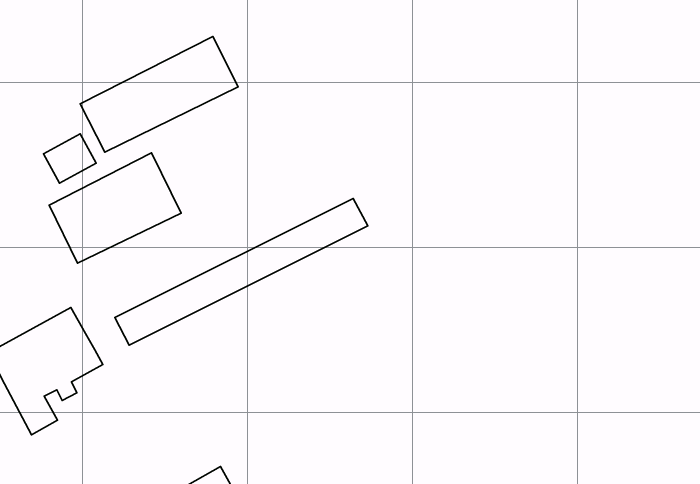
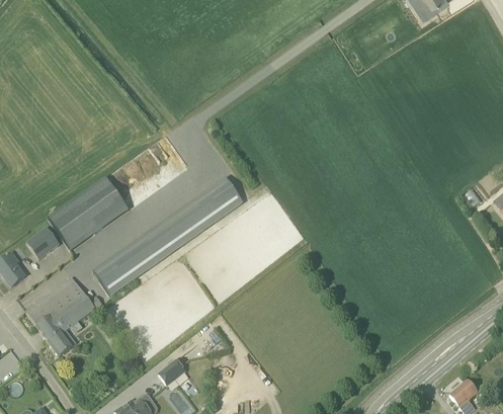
building: [80,36,238,152] -> none
building: [44,134,96,183] -> [26,226,59,257]

